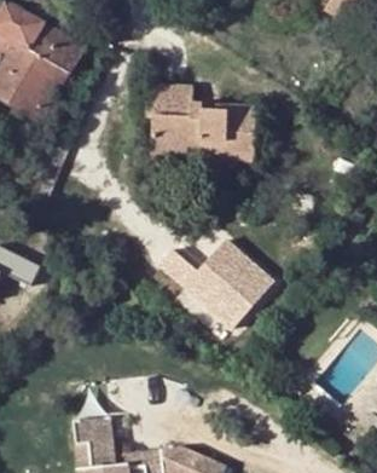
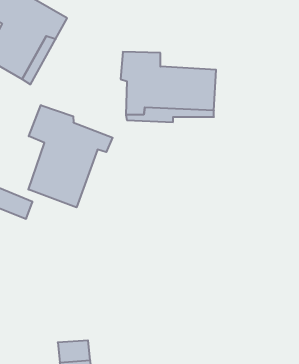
building: none -> [28,105,113,207]
building: [151,230,276,331] -> none

